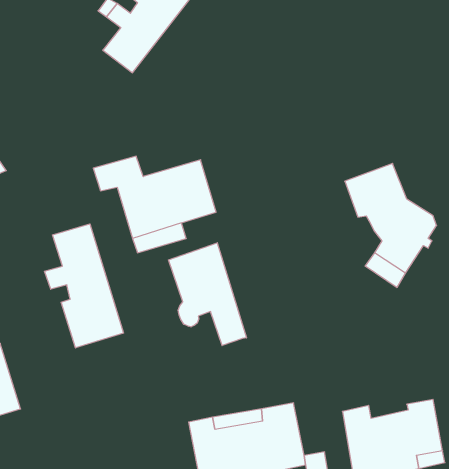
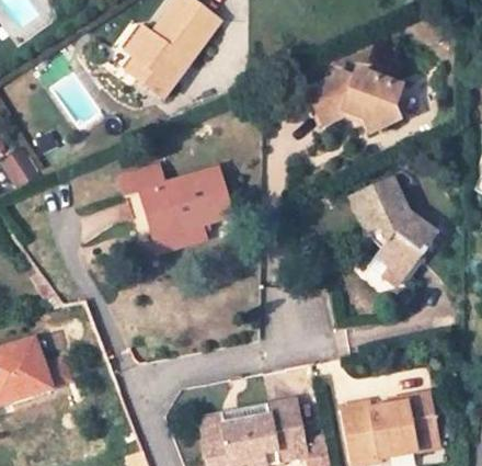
building: none -> [306,66,399,126]
building: [45,224,123,348] -> none
building: [168,243,246,346] -> none

